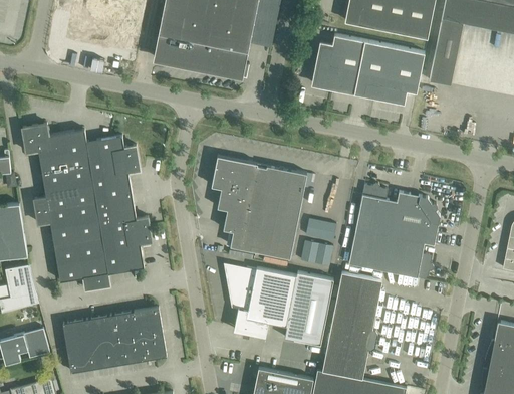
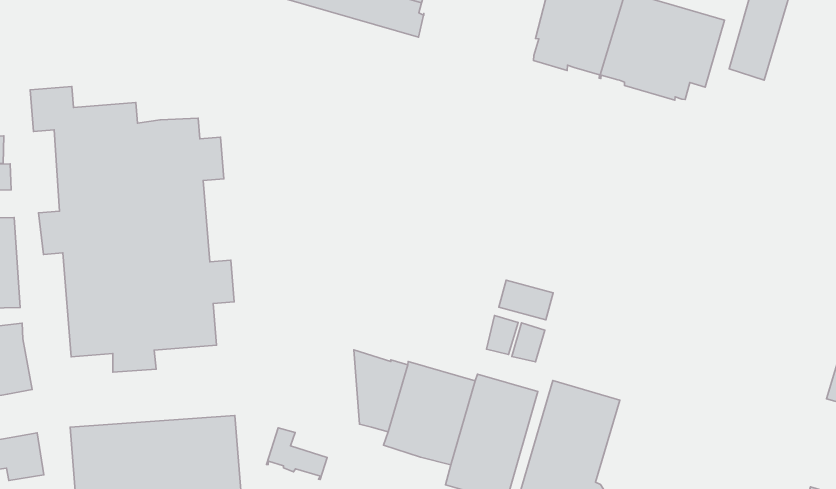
building: [211,156,306,258] -> none
building: [348,184,440,280] -> none
building: [233,309,268,337] -> [266,428,327,479]

